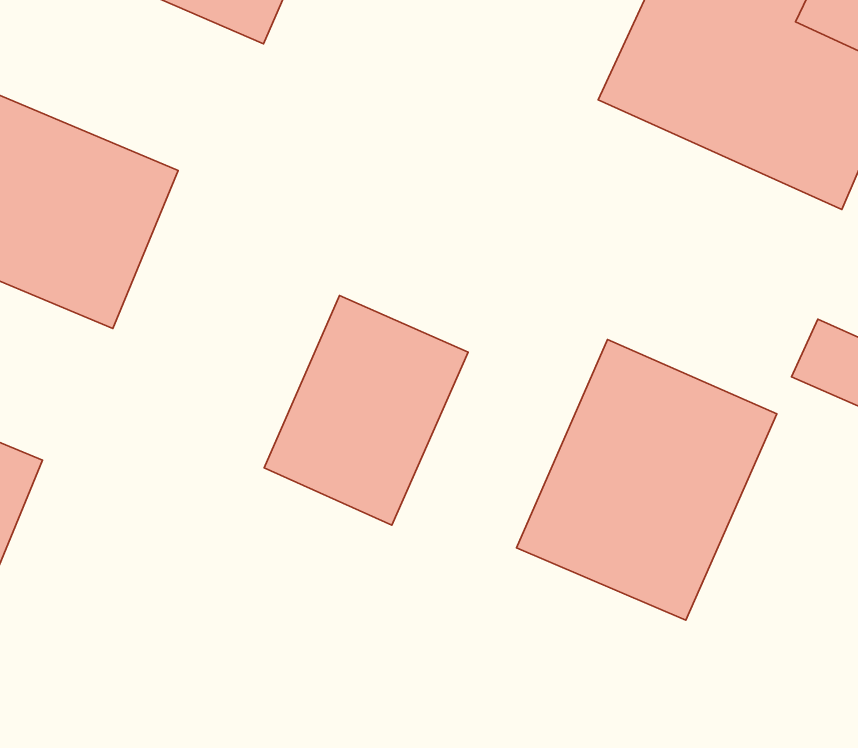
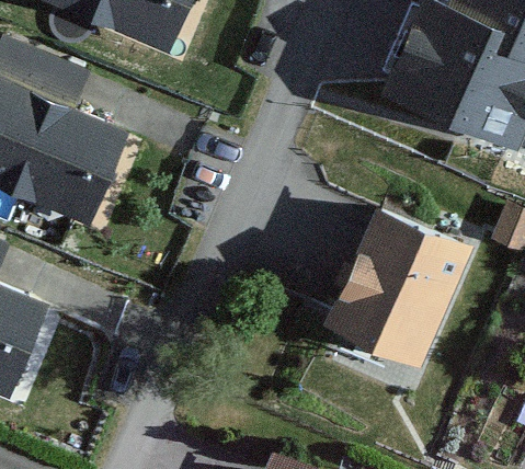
building: [264,296,468,525] -> none

